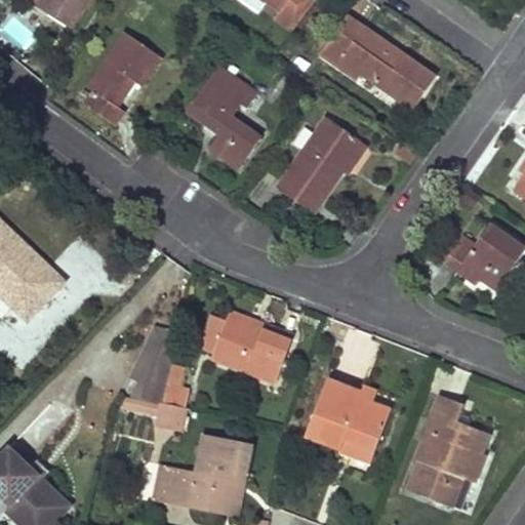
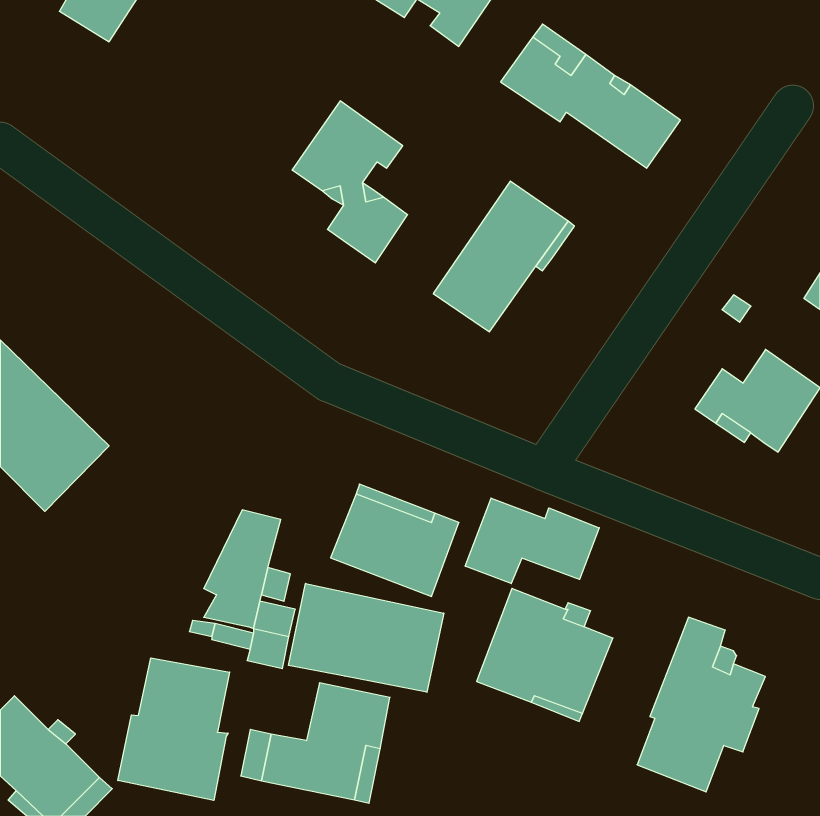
building: [85,31,161,124] -> none
building: none -> [465,498,599,584]
building: none -> [289,583,444,692]
building: none -> [118,658,230,800]

